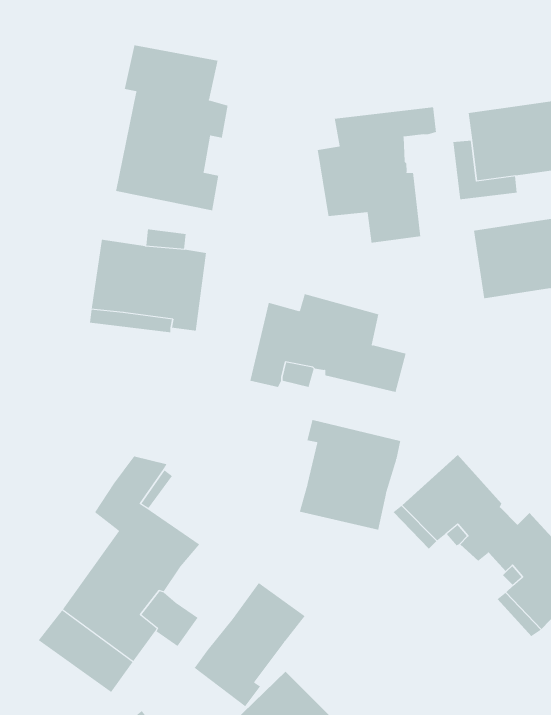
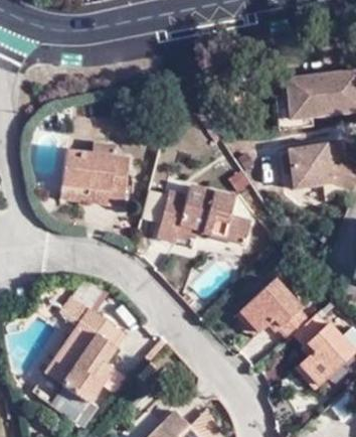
building: [116,44,228,211] -> none
building: [317,107,437,243] -> none
building: [299,419,401,530] -> none
building: [194,582,305,707] -> none

